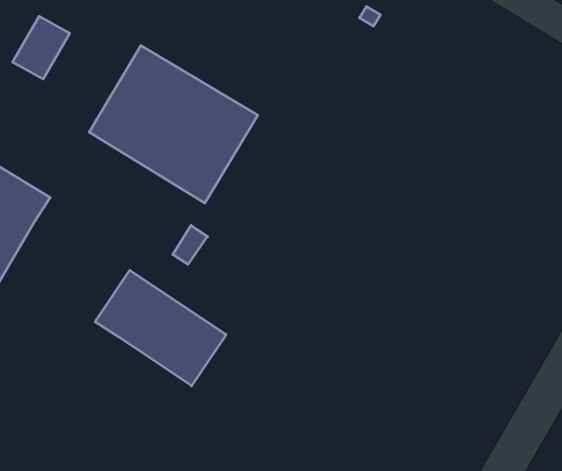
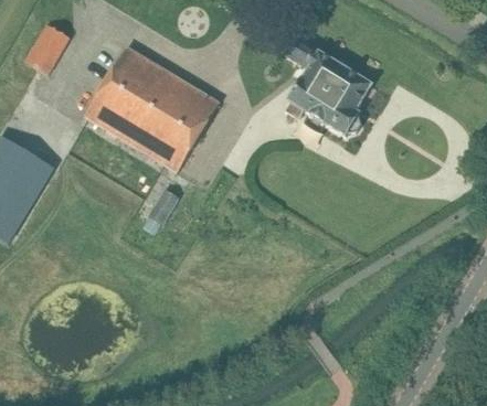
building: none -> [283,35,371,135]
building: [95,270,226,386] -> none

